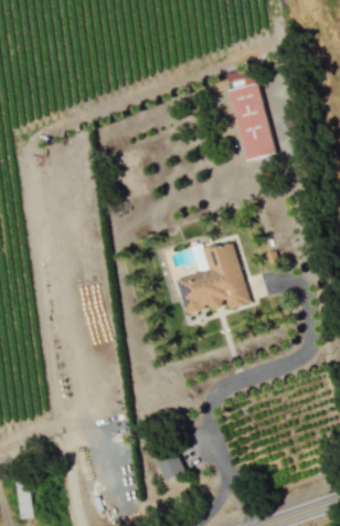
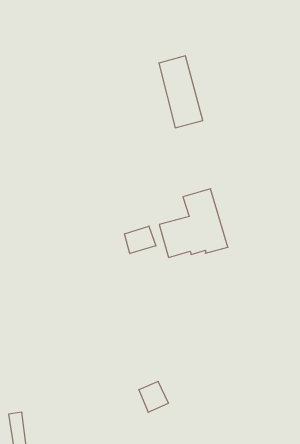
building: [229,83,276,160] -> [159,56,203,128]
building: none -> [125,226,156,254]

